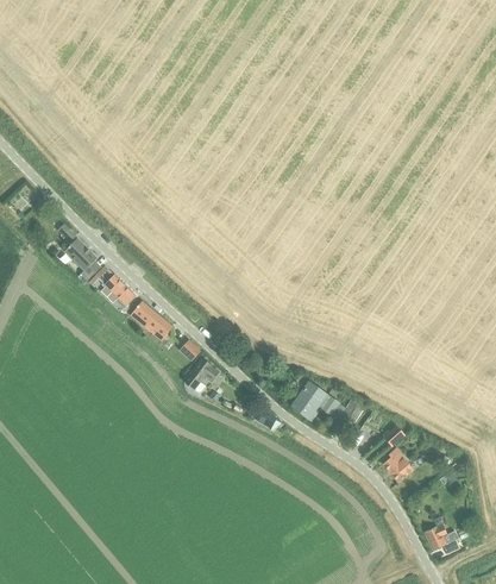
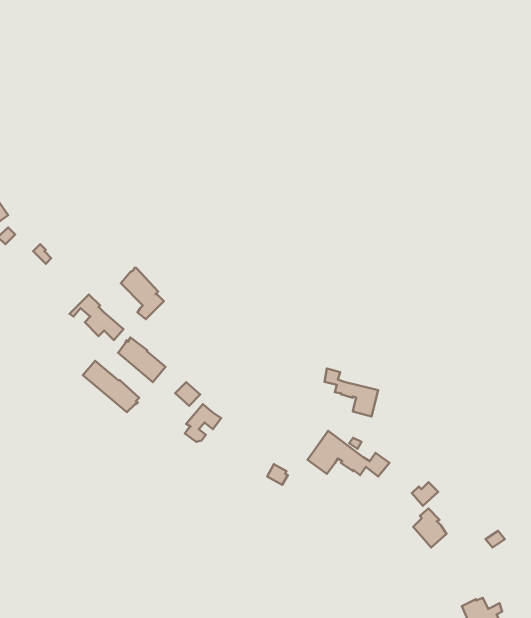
building: [64,238,101,282] -> [121,268,164,319]
building: none -> [83,361,139,412]
building: none -> [324,369,378,417]

